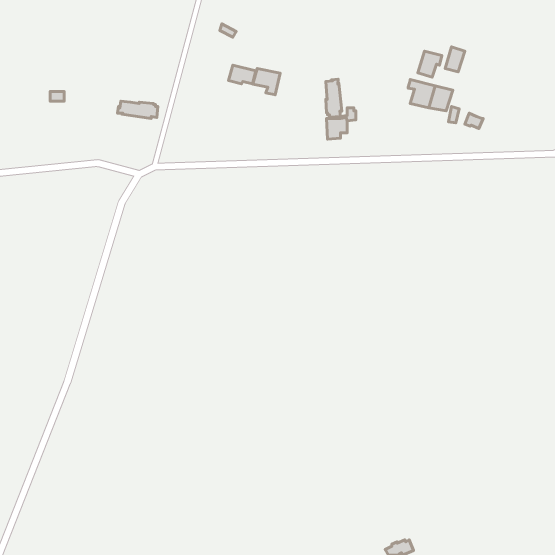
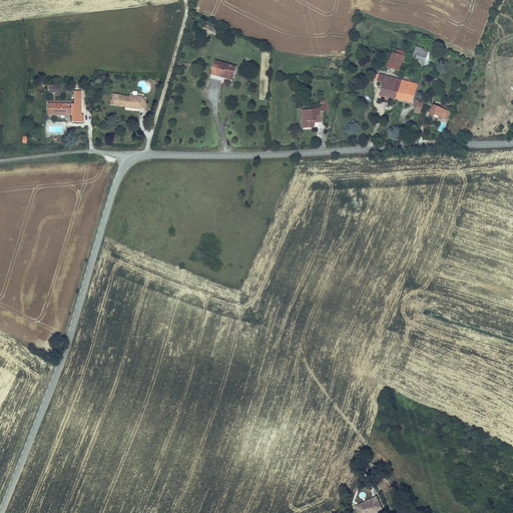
building: [253,68,280,95] -> none
building: [326,79,342,117] -> none
building: none -> [52,90,83,121]

